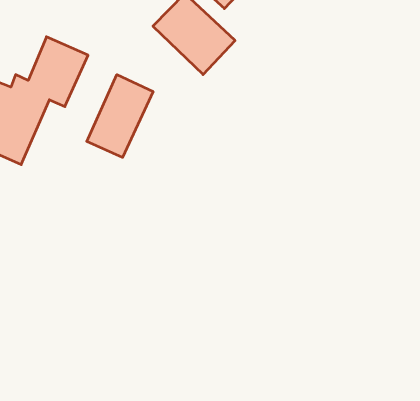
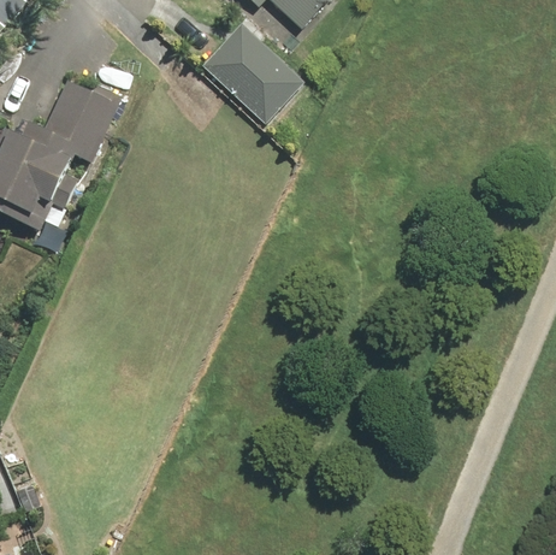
building: [87,75,153,157] -> none

